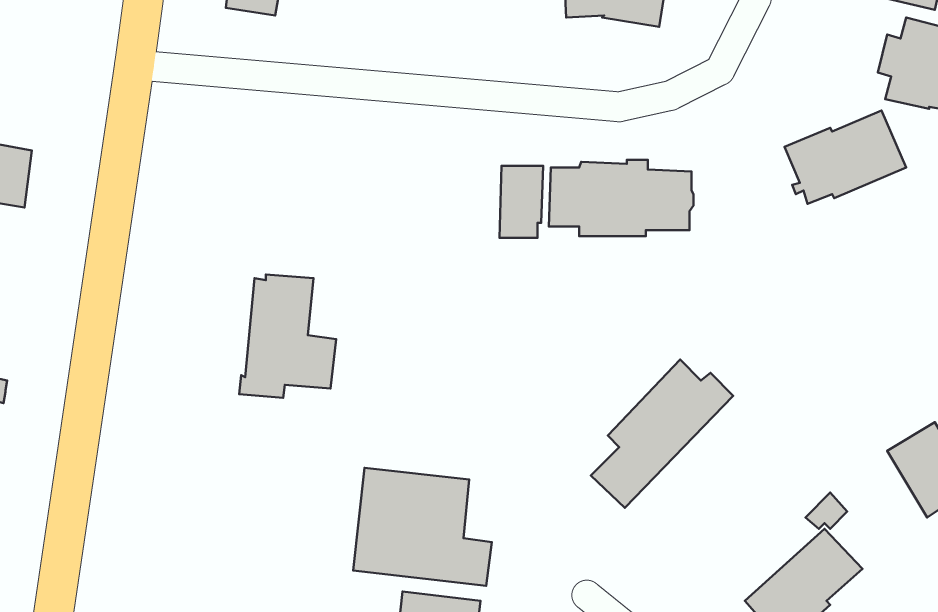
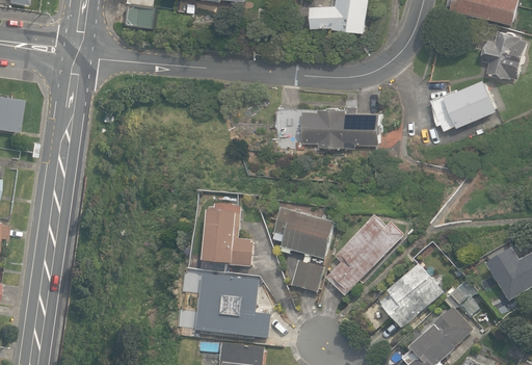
building: [239,274,336,398] -> [200,205,252,272]
building: none -> [272,208,334,292]
building: none -> [377,264,443,330]

